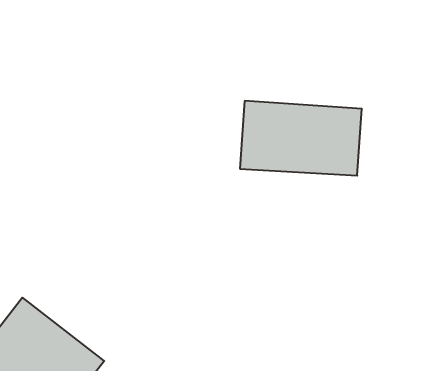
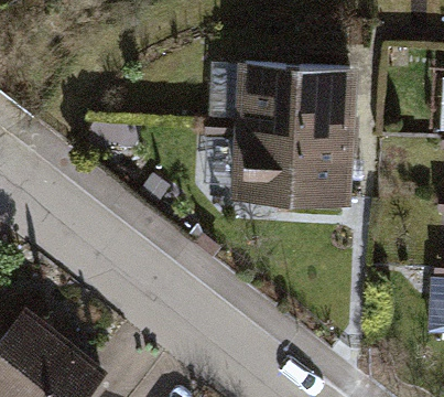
building: none -> [236,65,353,138]

